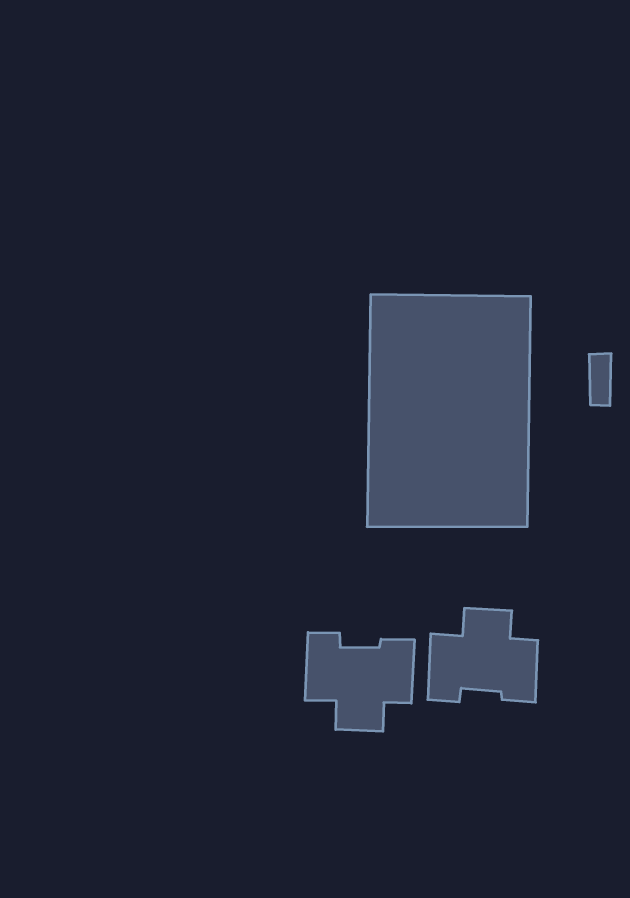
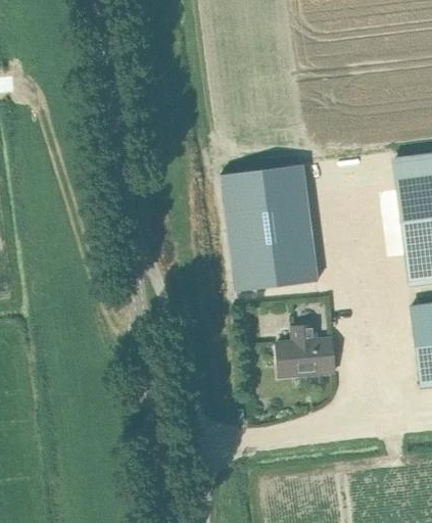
building: [305,632,414,731] -> none

